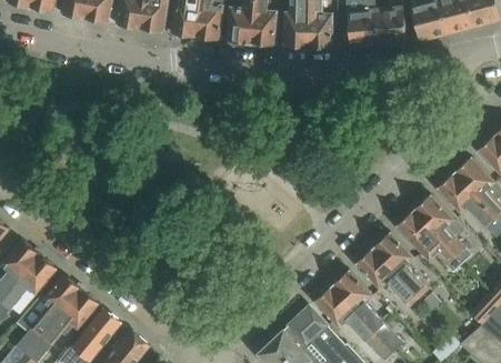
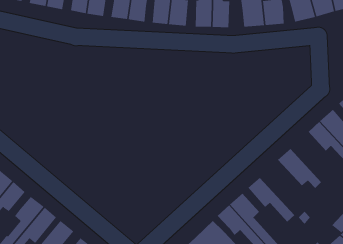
building: [413,194,464,255] -> none
building: [372,232,429,300] -> none

